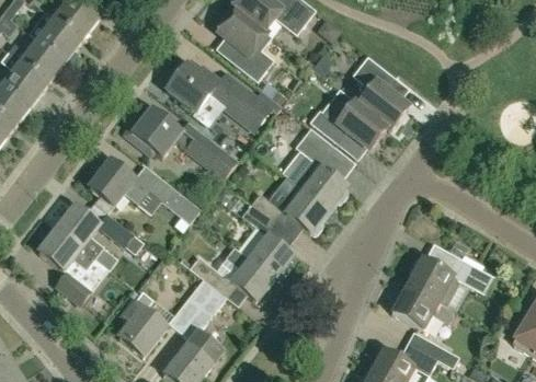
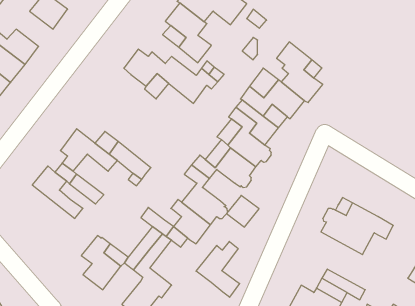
building: [37,19,82,61] -> none
building: [125,107,239,178] -> none
building: [263,210,303,248] -> [227,195,259,227]
building: [39,229,109,302] -> none
building: [392,286,457,328] -> none
building: none -> [196,241,240,297]

